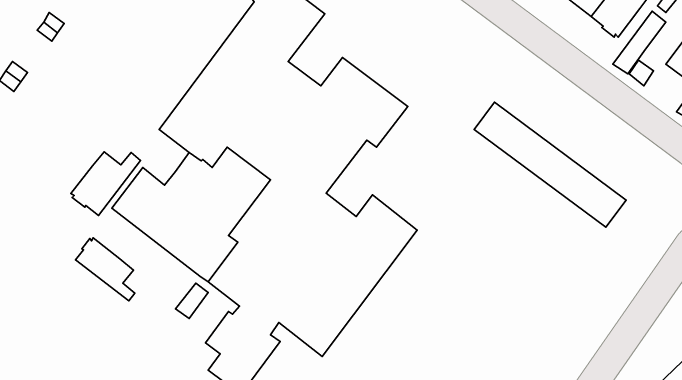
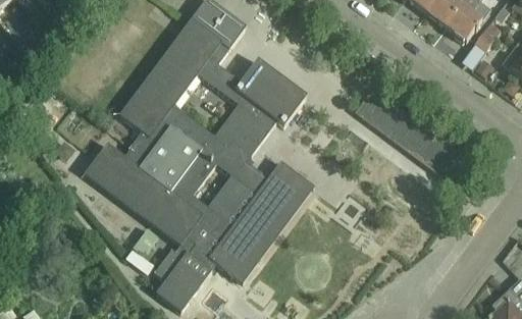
building: [71,152,141,215] -> none
building: [76,238,135,301] -> none

